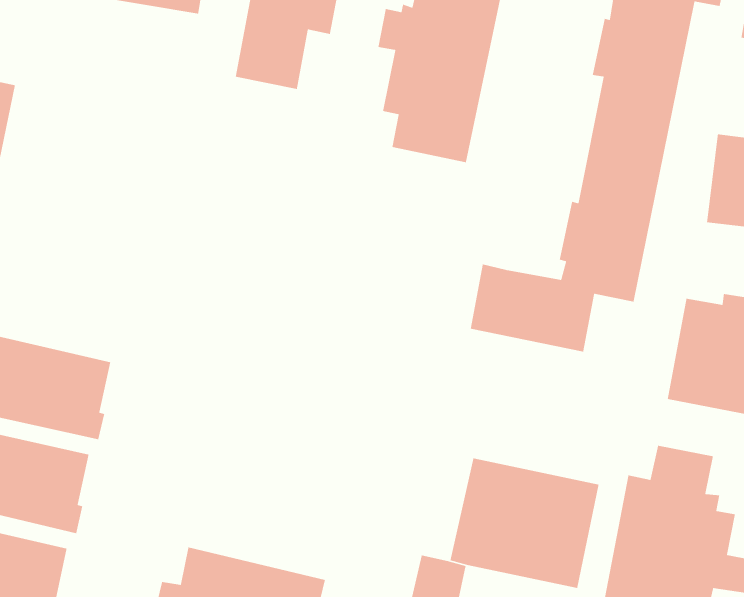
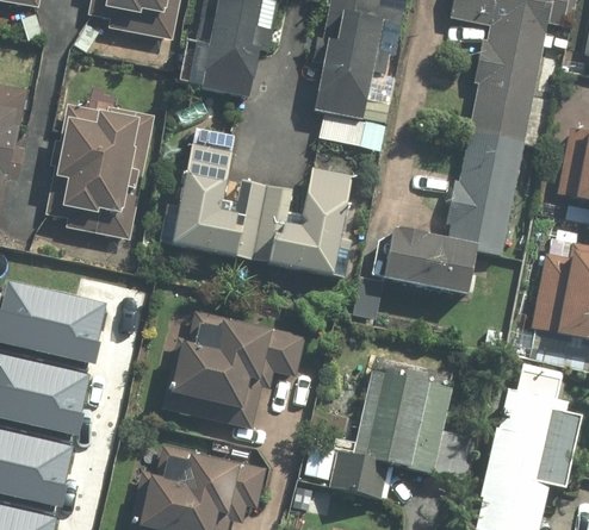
building: none -> [44,100,151,241]
building: none -> [170,145,351,272]
building: none -> [162,308,309,428]

